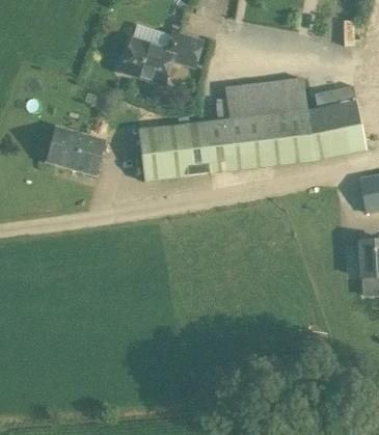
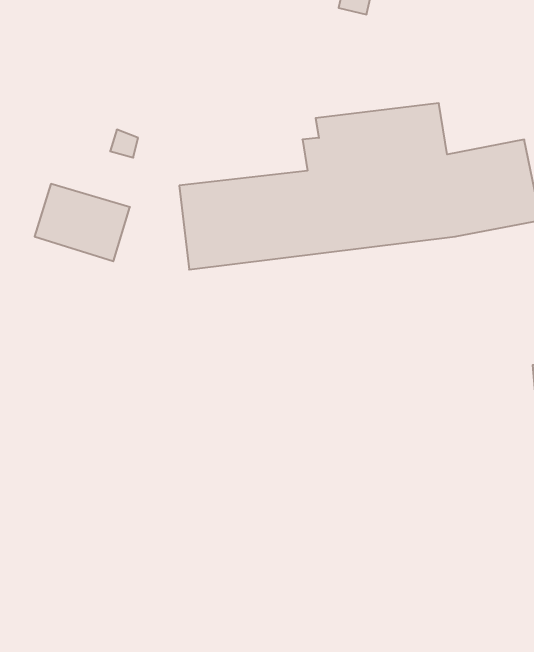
building: [116,33,201,83] -> none

